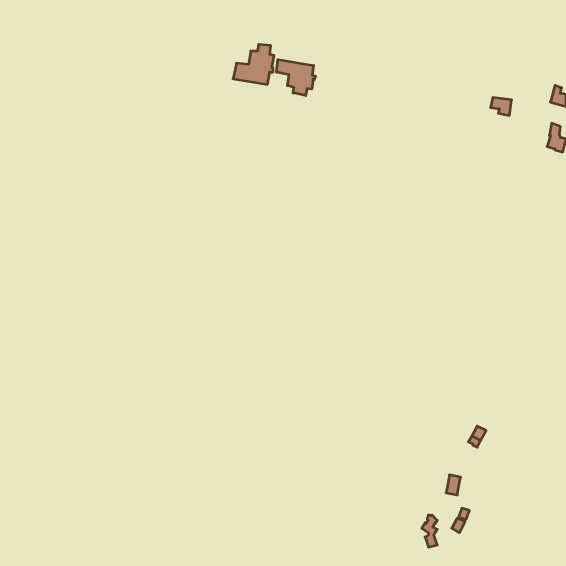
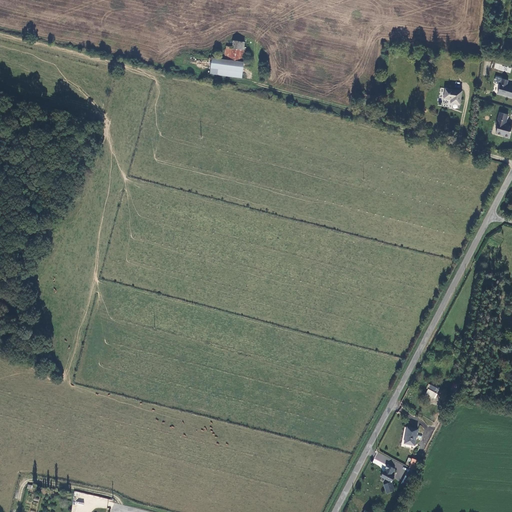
building: [277,60,315,96] -> none

